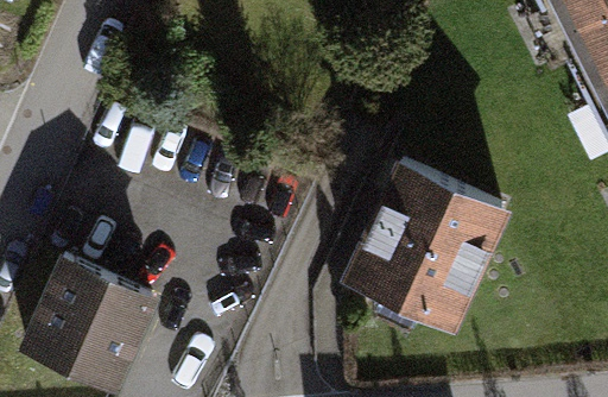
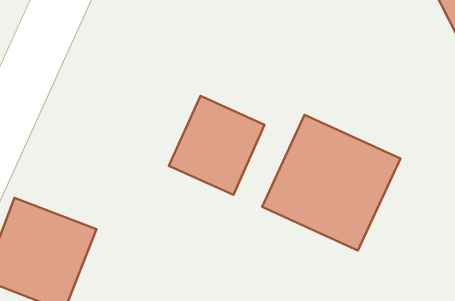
building: none -> [169,96,265,195]

